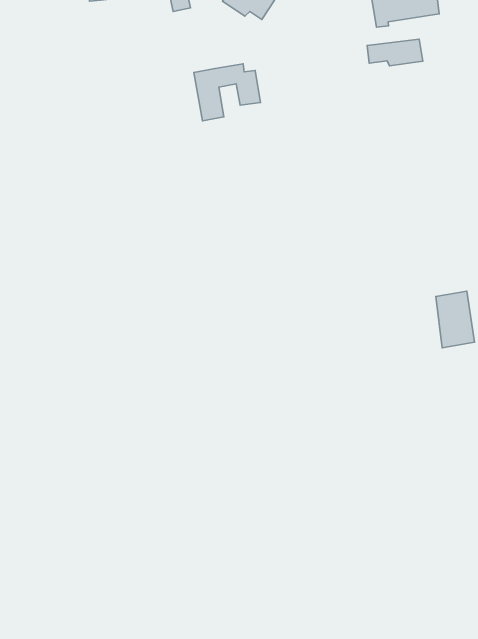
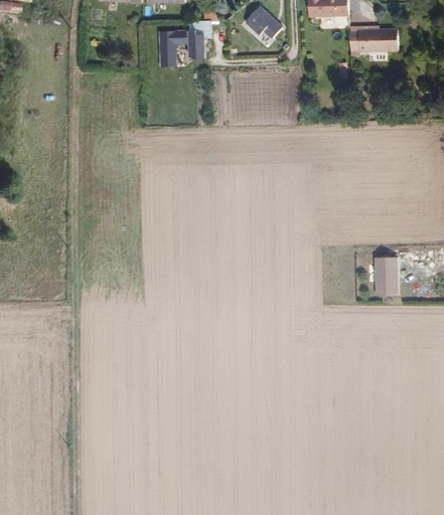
building: [367,39,423,66] -> none
building: [194,64,260,121] -> [157,28,203,66]

